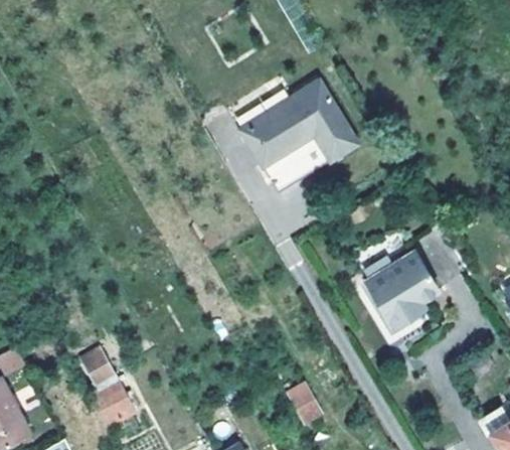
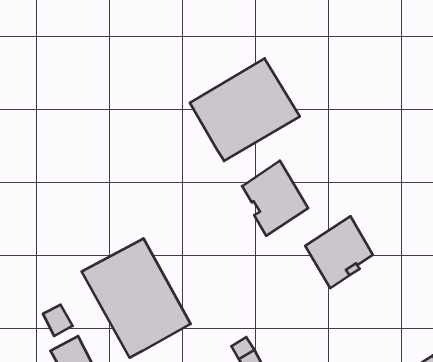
building: none -> [242,161,308,236]
building: none -> [82,238,191,358]

